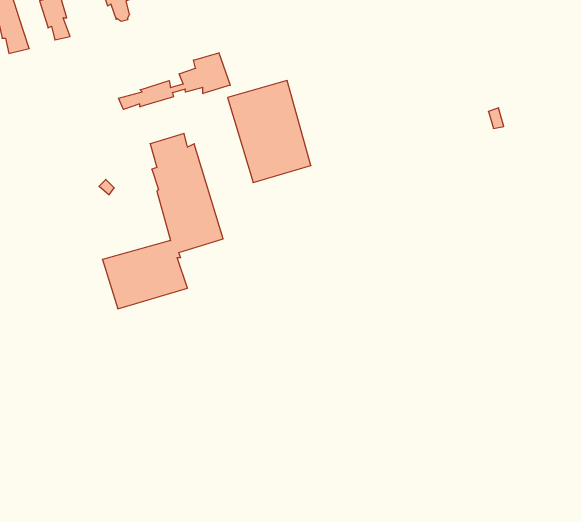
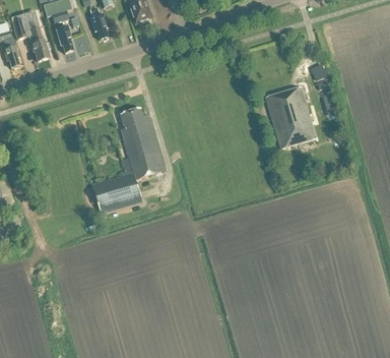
building: [118,53,230,109] -> none
building: [228,81,311,183] -> [265,86,315,147]

